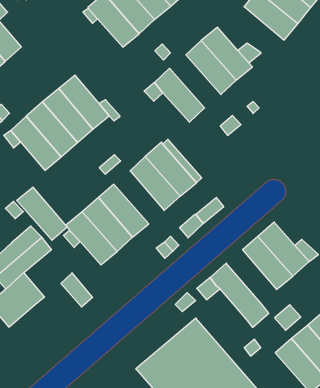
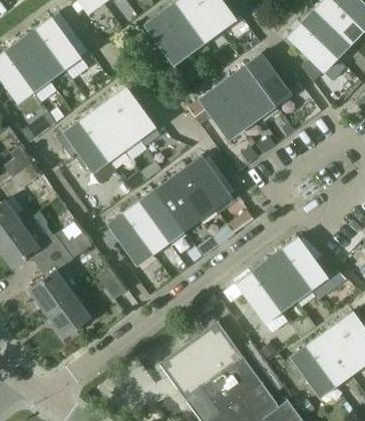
building: none -> [215,77,260,127]
building: [17,187,67,240] -> [154,179,199,230]
building: none -> [252,261,296,312]
building: none -> [47,295,90,338]

